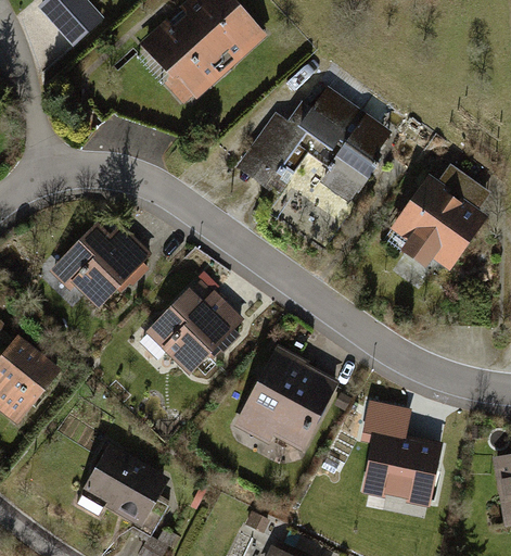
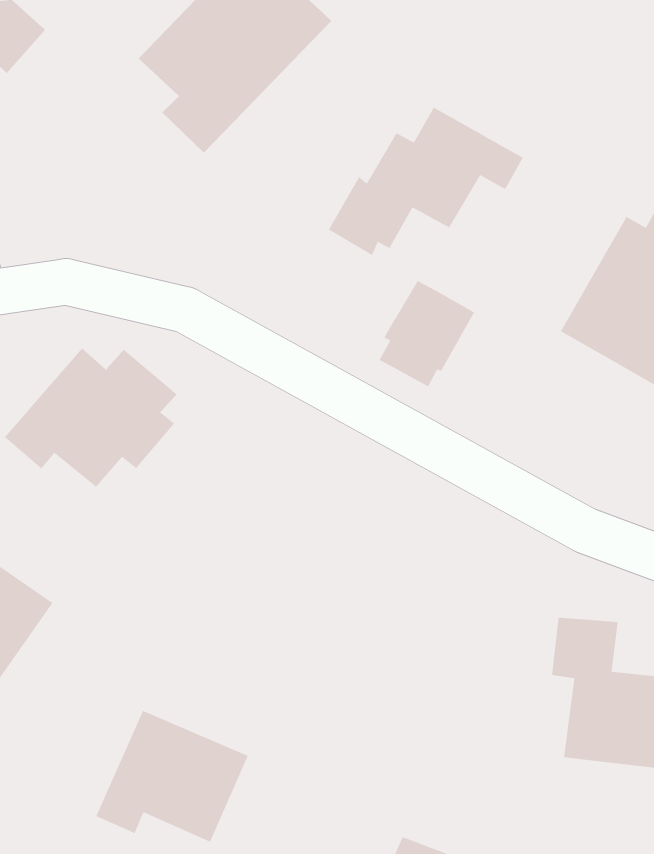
building: [318,139,379,204] -> [378,280,475,388]
building: [142,278,246,375] -> none
building: [231,342,343,450] -> none

